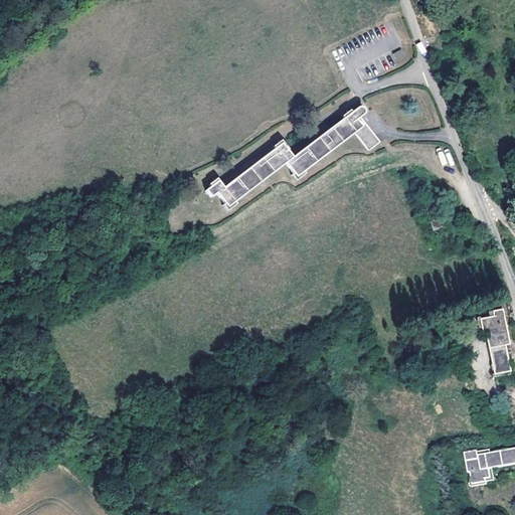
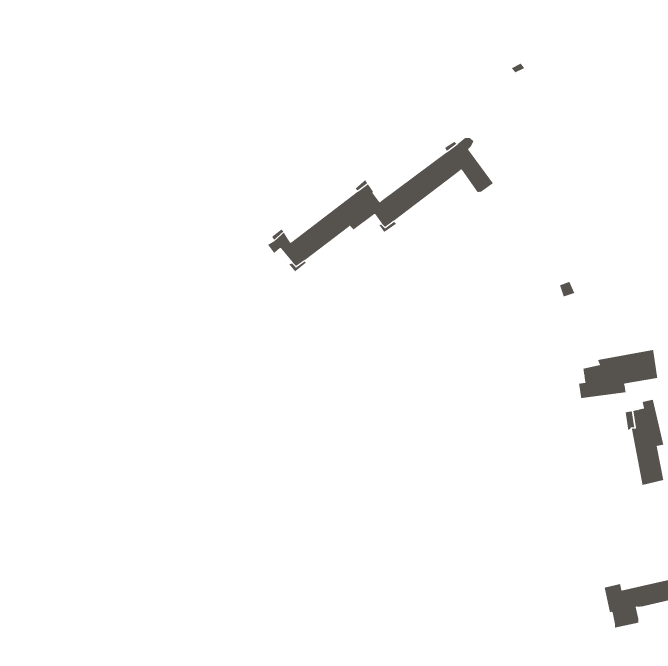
building: none -> [578,349,658,399]

